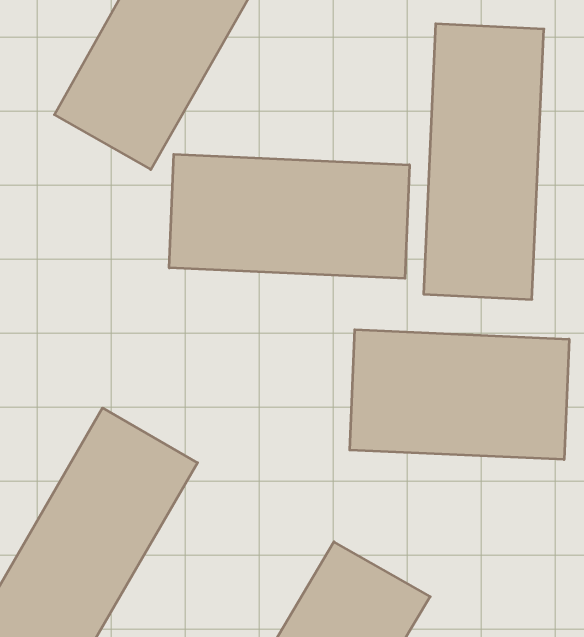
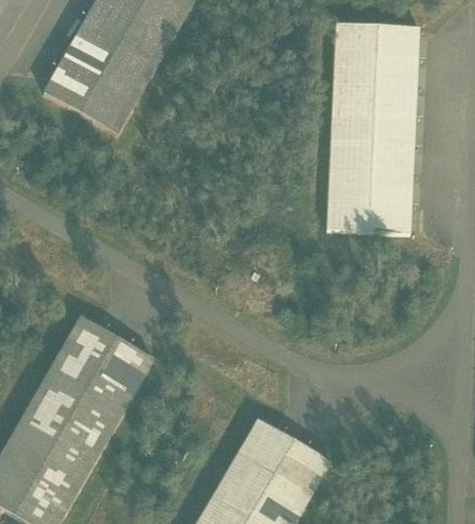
building: [169,154,409,278] -> none
building: [350,330,569,460] -> none

